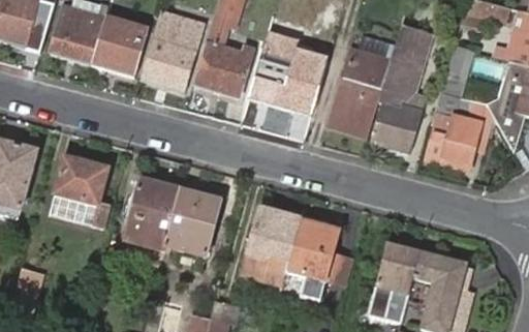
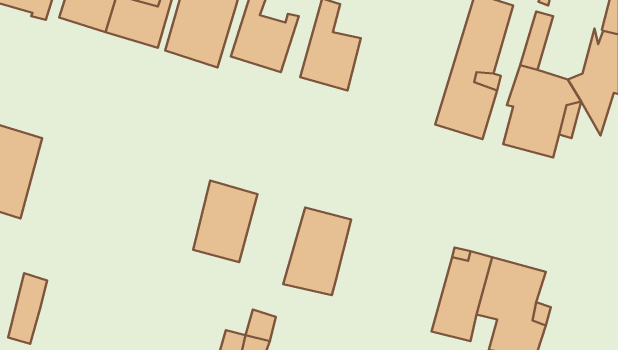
building: [330,49,391,134] -> none
building: [48,158,114,230] -> none
building: [122,177,180,250] -> none
building: [286,220,341,303] -> none

